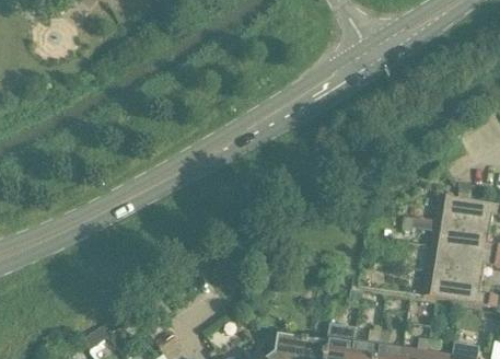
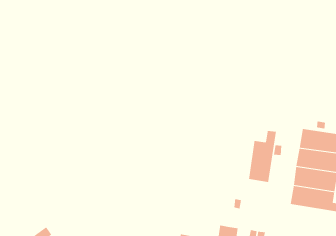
building: none -> [249,130,276,183]

